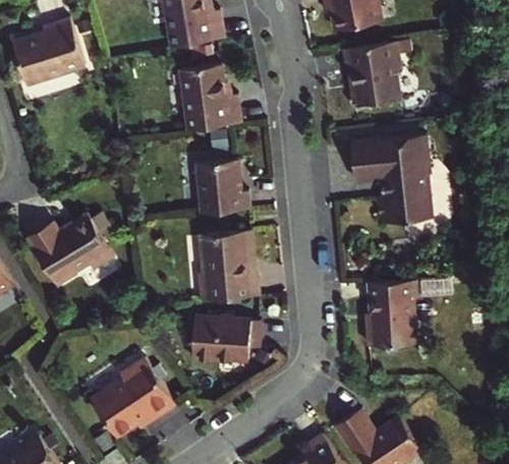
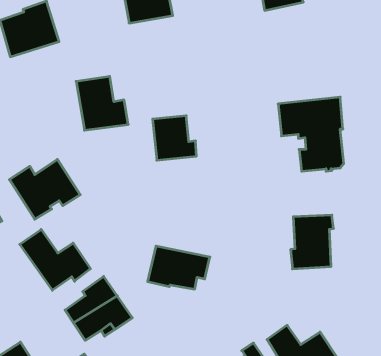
building: [338,45,397,110] -> none
building: [180,63,243,128] -> [76,76,128,130]
building: [199,228,262,300] -> none
building: none -> [20,229,90,290]

